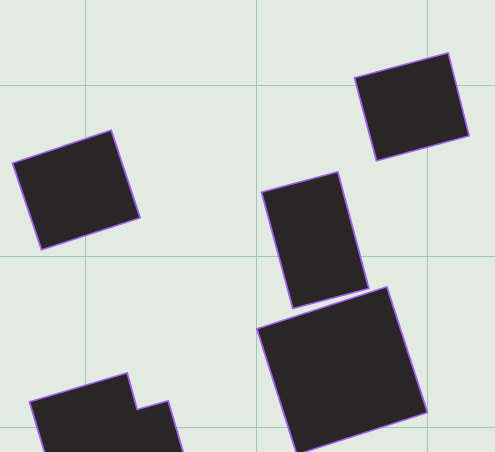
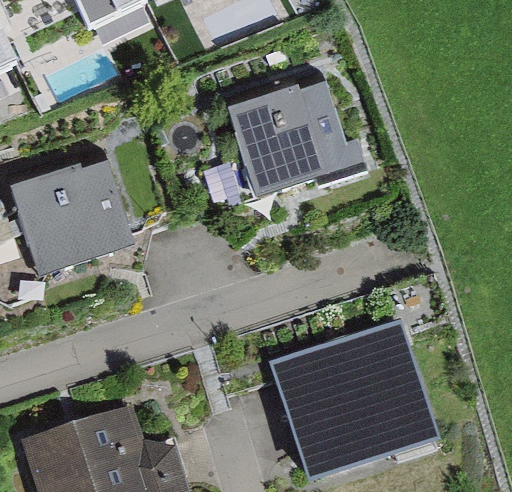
building: [354,53,469,161] -> [237,87,352,195]
building: [261,172,369,308] -> none

